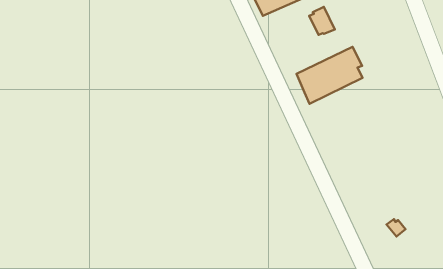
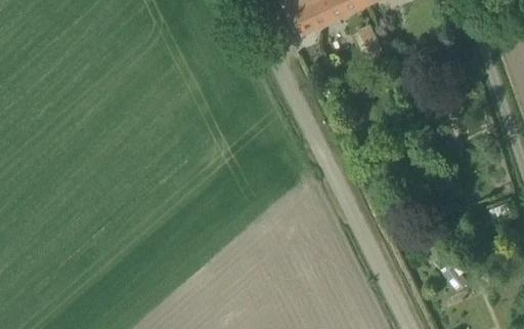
building: [297,47,363,104] -> none

